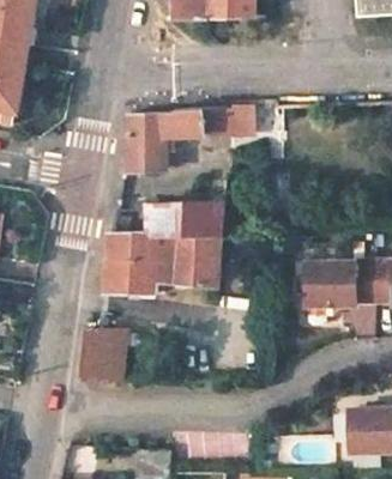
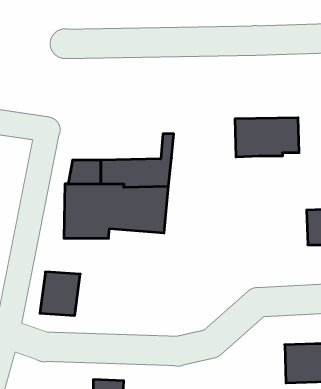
building: [126,108,231,172] -> none
building: [302,262,373,305] -> [235,118,299,157]

